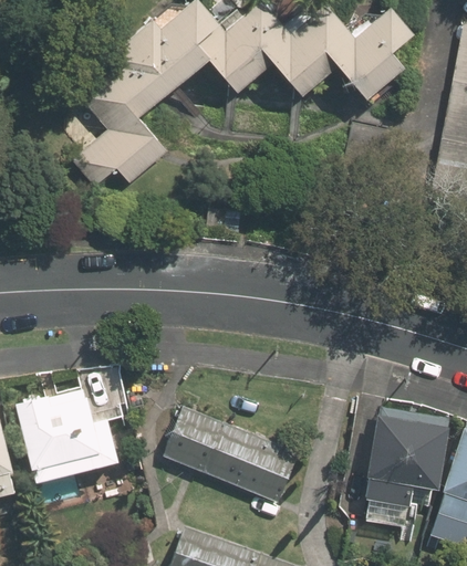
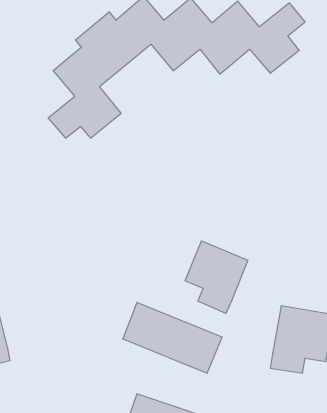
building: none -> [185,241,248,313]
building: [21,389,116,482] -> none

